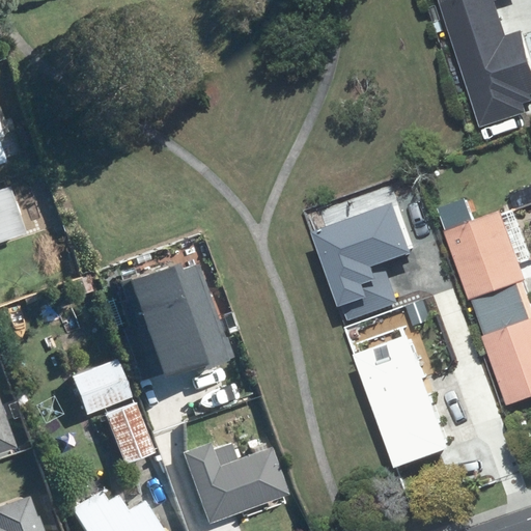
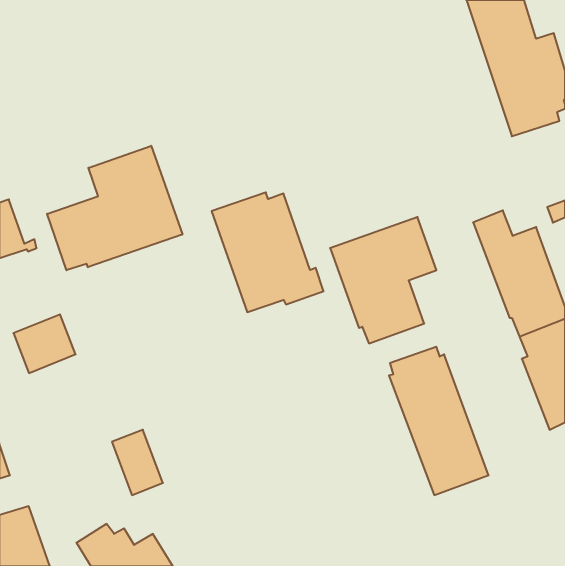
building: none -> [47,146,182,270]
building: [130,264,234,376] -> [212,192,324,312]
building: [72,359,130,414] -> [13,314,76,373]
building: [180,442,287,524] -> none

